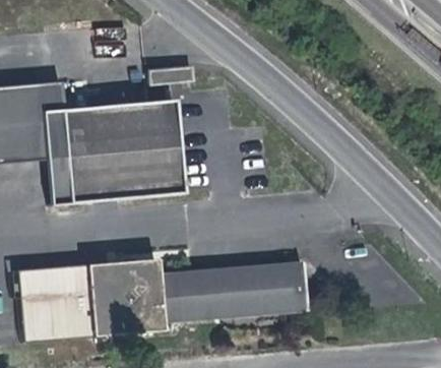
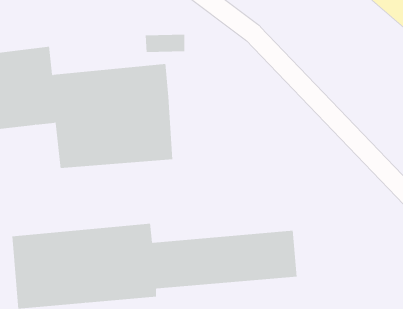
building: [44,156,68,203] -> none

